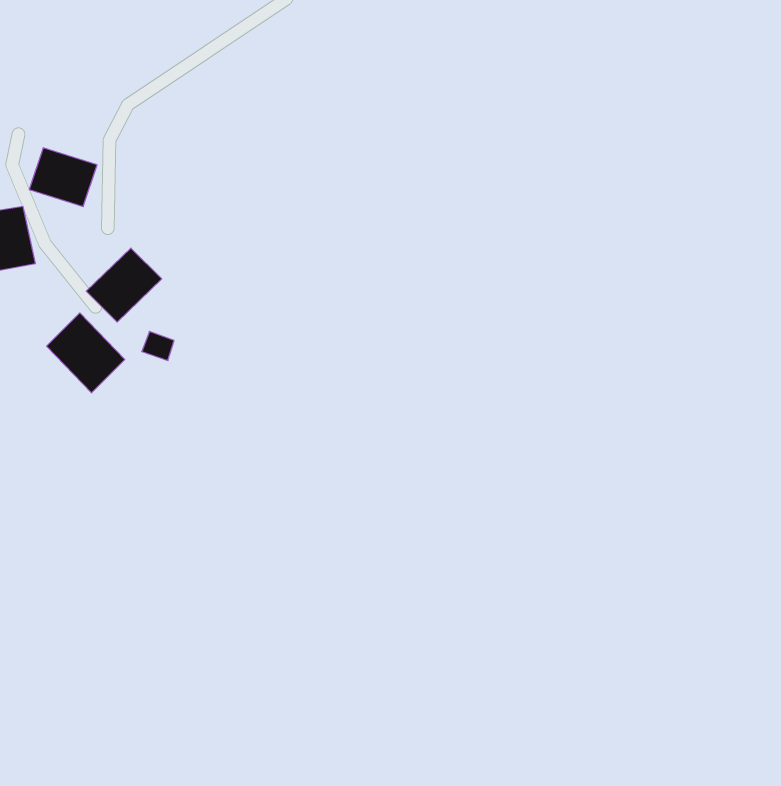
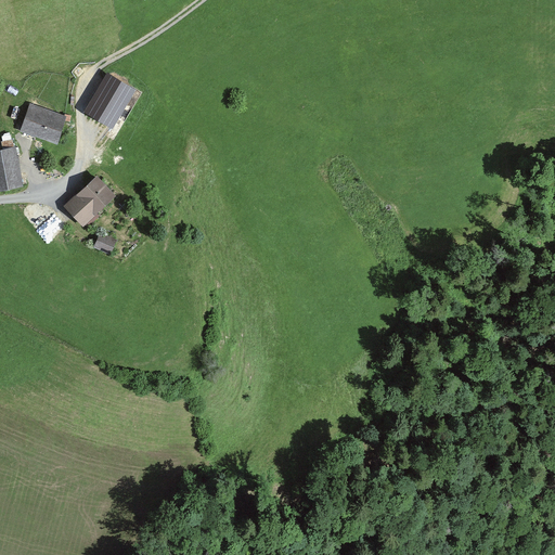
building: none -> [83,76,129,126]
building: [47,313,125,393] -> none

